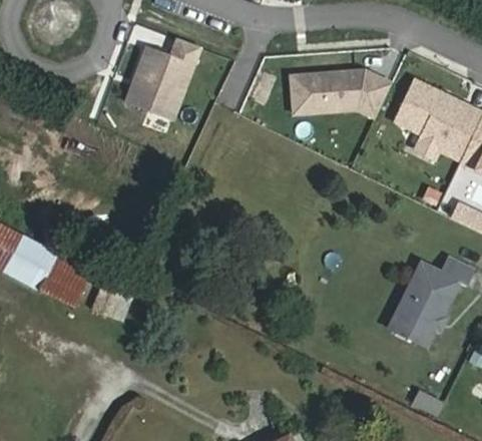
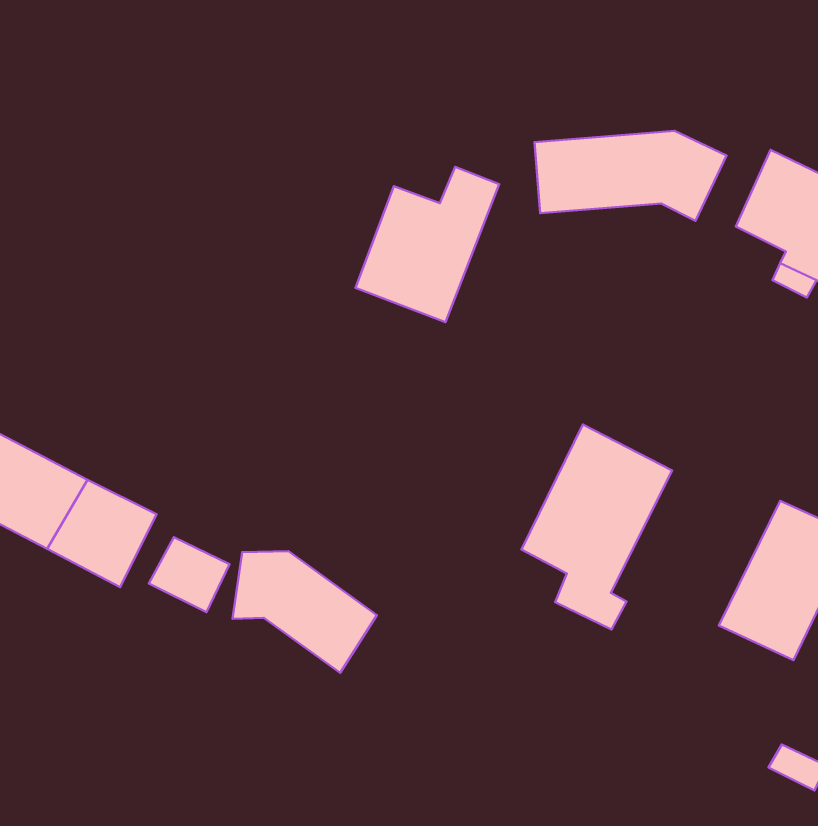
building: [125,36,200,117] -> [355,167,499,322]
building: none -> [521,424,672,630]
building: none -> [233,551,377,673]

